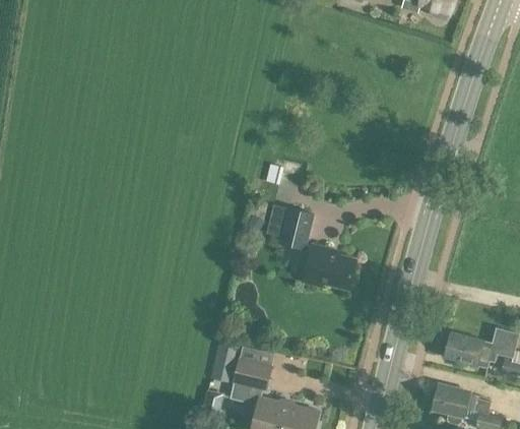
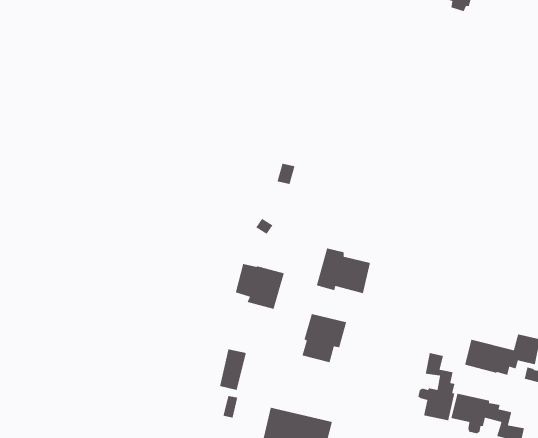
building: [266,203,314,248] -> [235,263,285,310]
building: none -> [418,352,456,421]
building: [230,356,273,404] -> [301,313,347,363]

